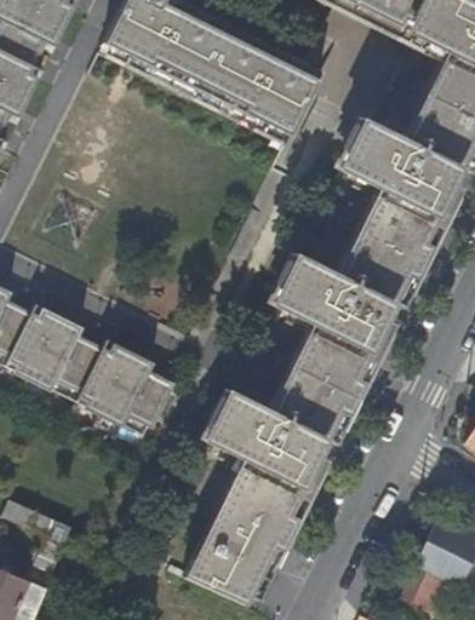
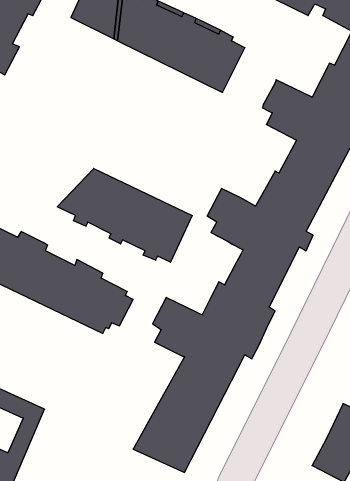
building: none -> [57,168,192,262]

